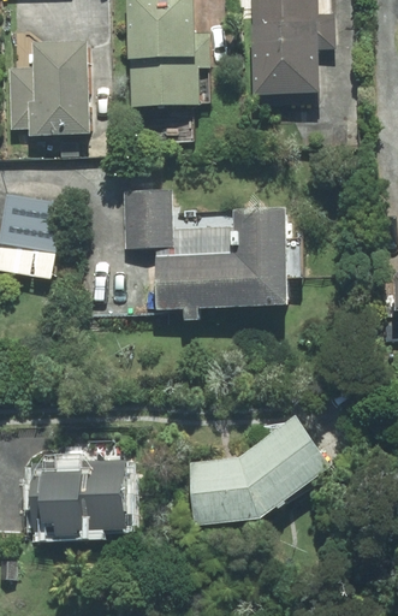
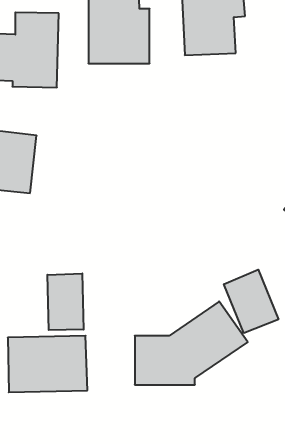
building: [119,185,304,320] -> none
building: none -> [224,270,278,333]
building: none -> [47,273,84,330]

